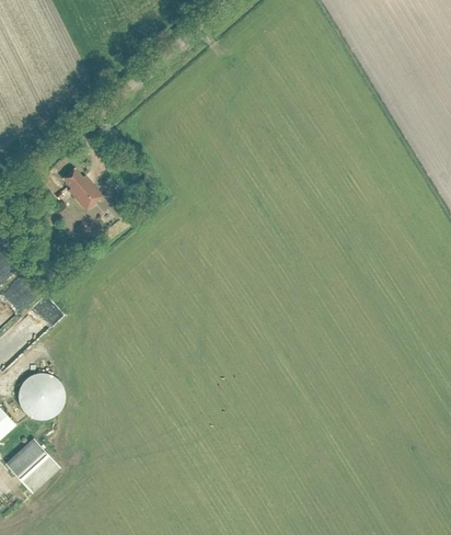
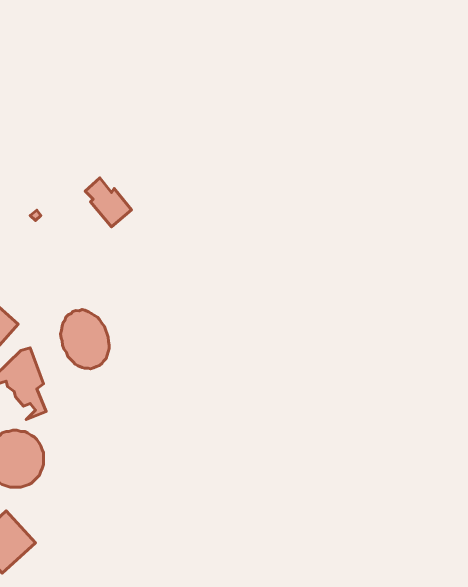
building: [62,169,101,209] -> [85,178,132,227]
building: none -> [61,310,109,369]

